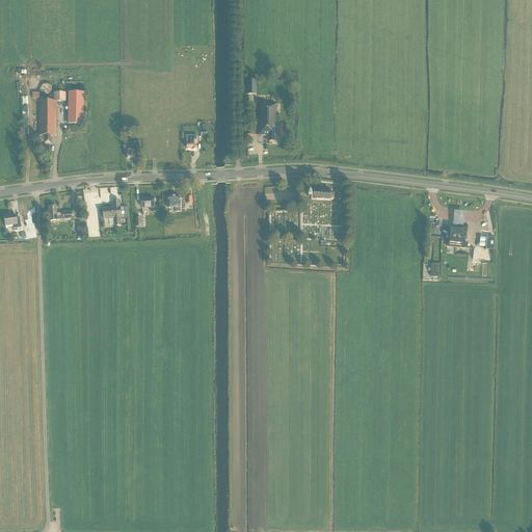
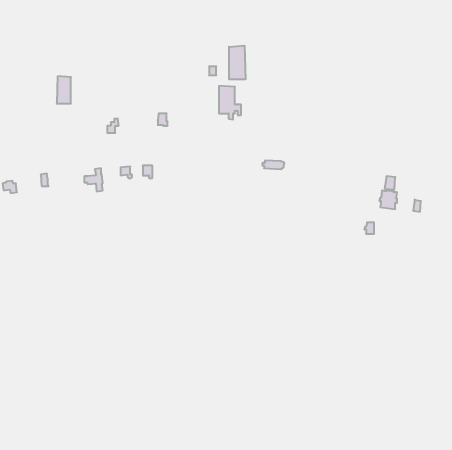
building: none -> [229,46,246,79]
building: [37,90,64,140] -> none

